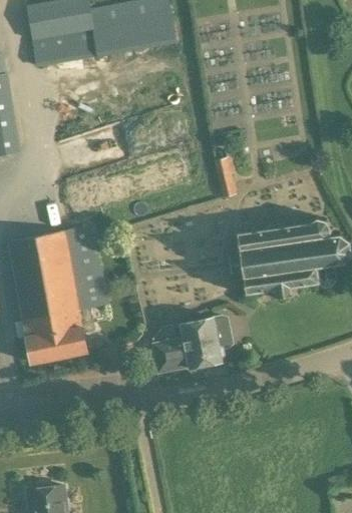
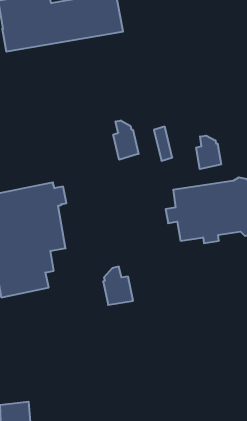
building: none -> [113,120,139,160]
building: none -> [196,136,221,169]
building: [182,316,233,368] -> none

